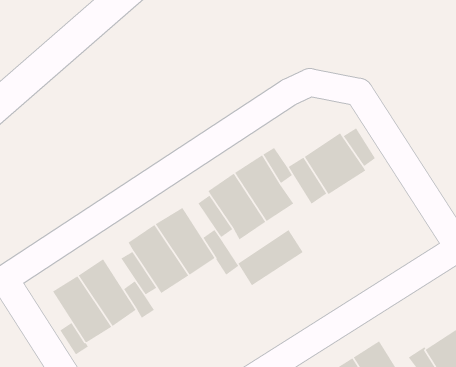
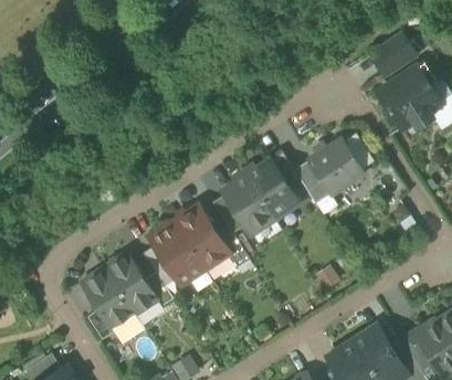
building: none -> [369,31,418,77]
building: none -> [379,61,441,128]
building: [238,229,304,286] -> none

